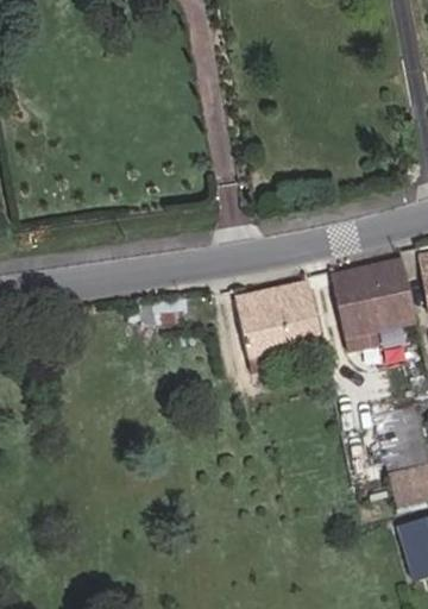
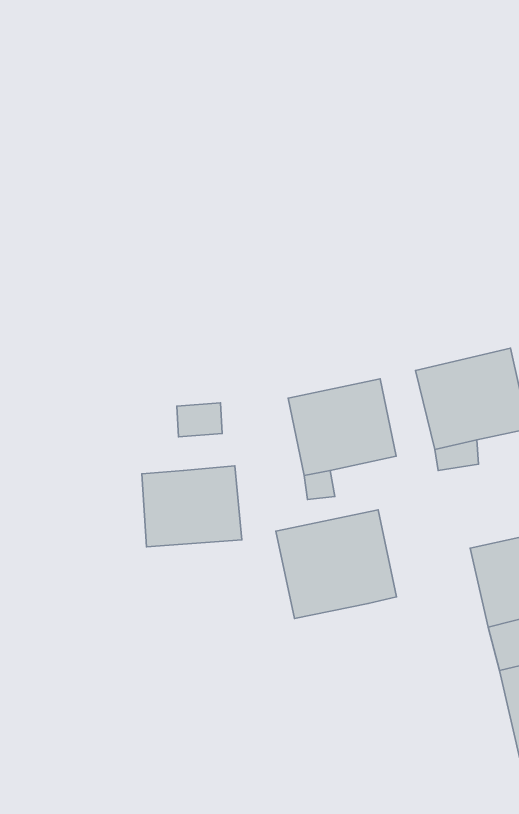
building: none -> [142,466,242,547]
building: none -> [276,510,397,618]

